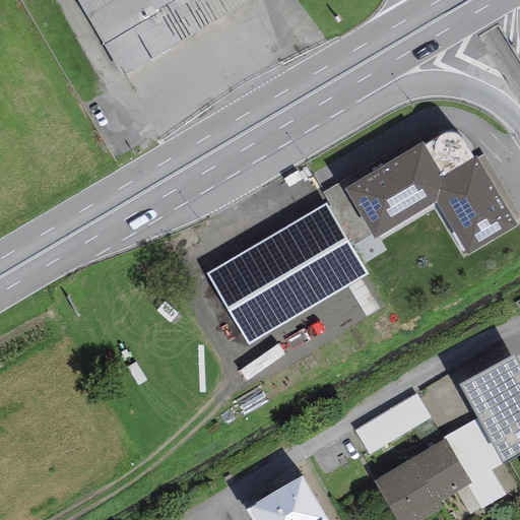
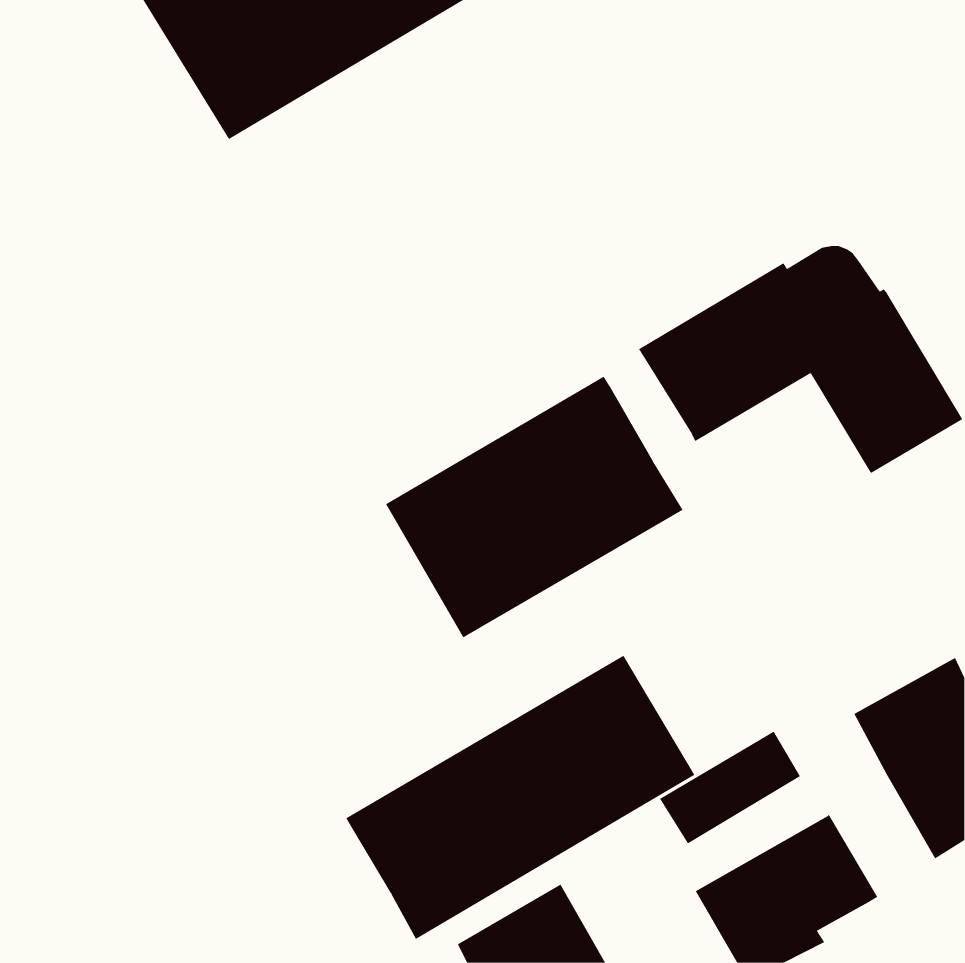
building: [322,183,372,248] -> none
building: none -> [346,655,695,940]
building: [443,416,505,508] -> none

